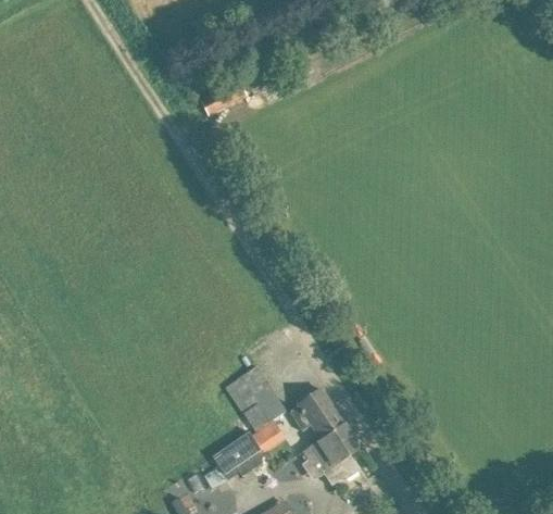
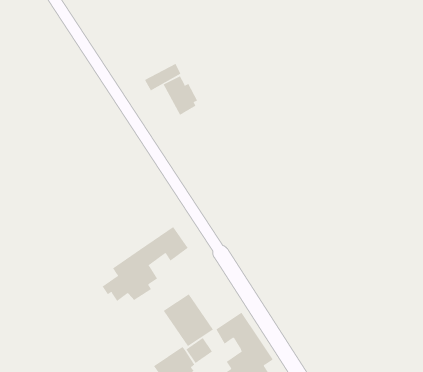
building: none -> [163,76,198,115]
building: none -> [102,226,188,302]

